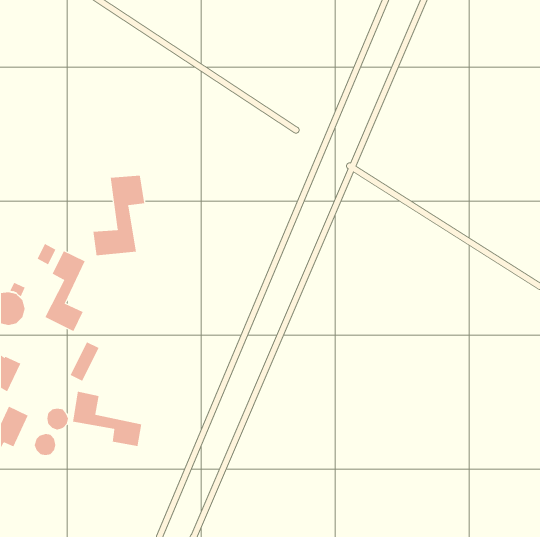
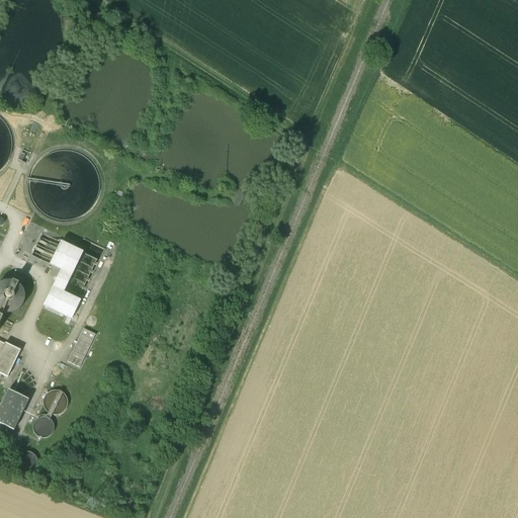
building: [93,175,145,256] -> none
building: [73,391,142,447] -> none

